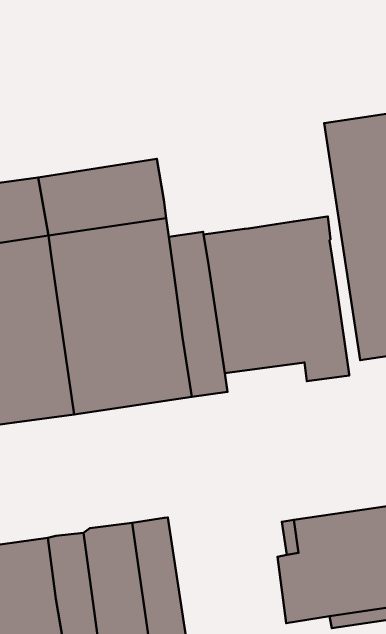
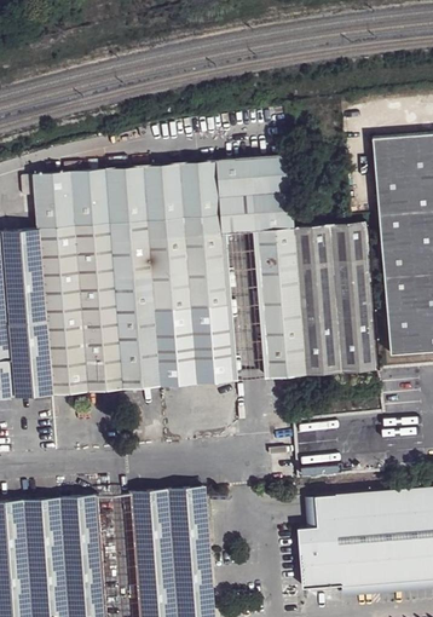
building: none -> [215,155,290,231]
building: none -> [264,353,337,375]

